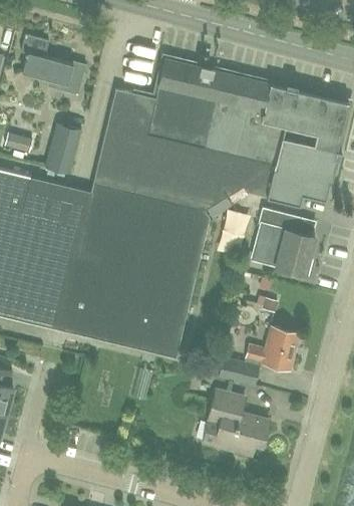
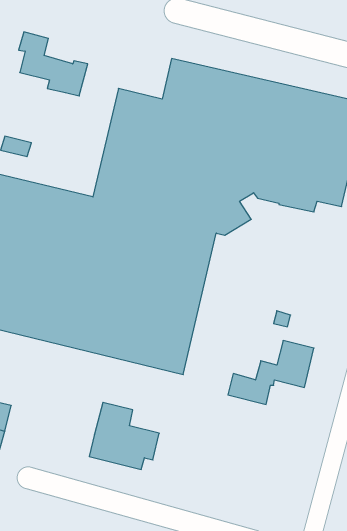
building: [45,122,81,174] -> none
building: [256,207,315,274] -> none
building: [204,391,270,454] -> [89,402,159,469]

